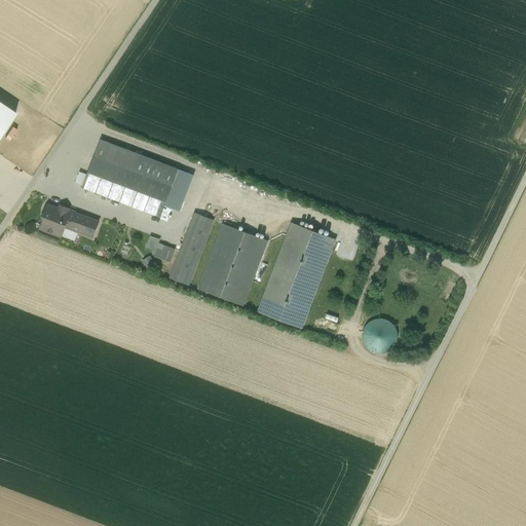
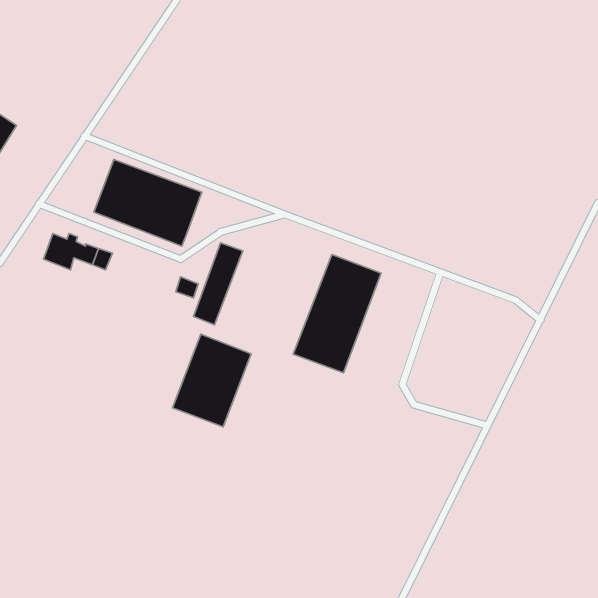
building: [163,168,193,211] -> none
building: [197,223,266,304] -> [173,334,251,427]
building: [362,318,397,353] -> none

